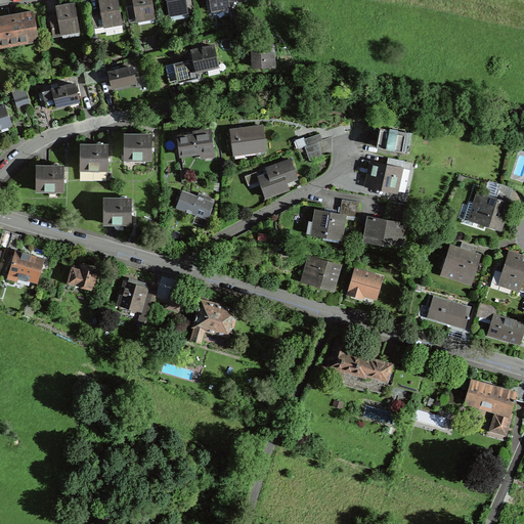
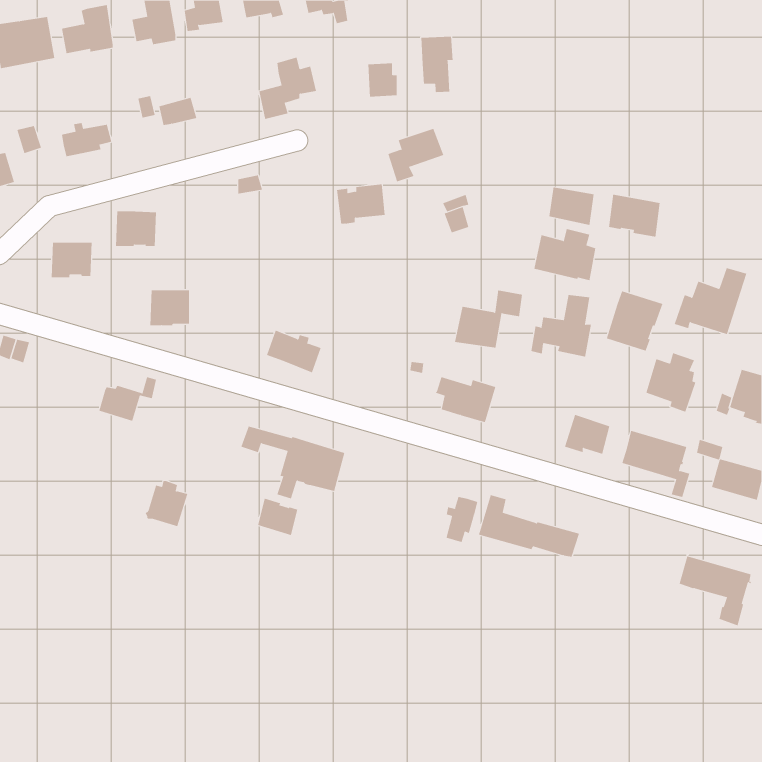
building: none -> [421,36,453,94]
building: [177,131,212,156] -> none
building: none -> [609,194,660,238]
building: [123,135,150,160] -> none
building: [258,161,297,198] -> [387,128,444,182]
building: [175,190,213,220] -> [266,330,322,373]
building: none -> [606,290,663,351]
building: [6,253,43,282] -> none
building: [348,270,380,298] -> [564,414,610,454]
building: [117,279,146,311] -> [145,480,188,527]
building: none -> [446,496,478,543]
building: none -> [257,498,298,536]

